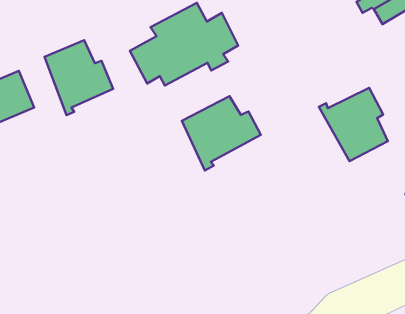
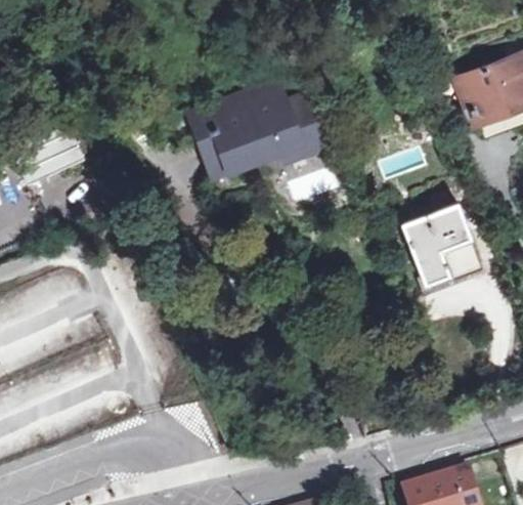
building: [44,40,113,115] -> none
building: [182,96,261,170] -> none

